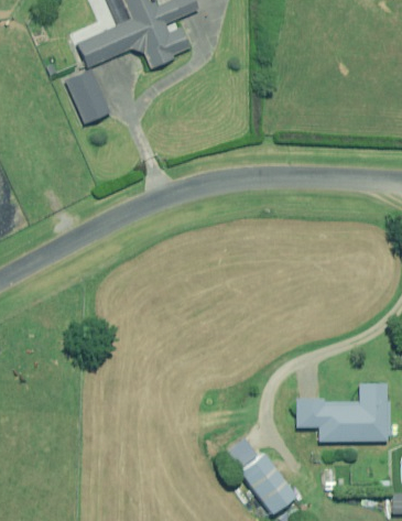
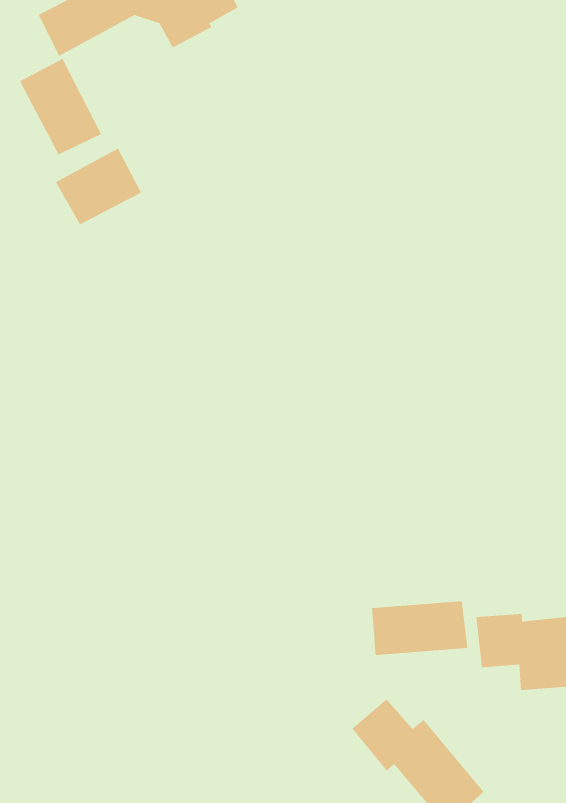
building: none -> [55,148,142,225]
building: none -> [371,601,468,656]

